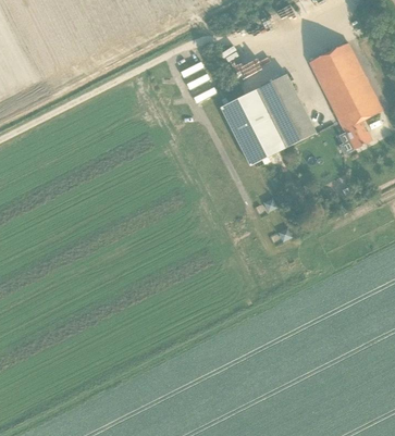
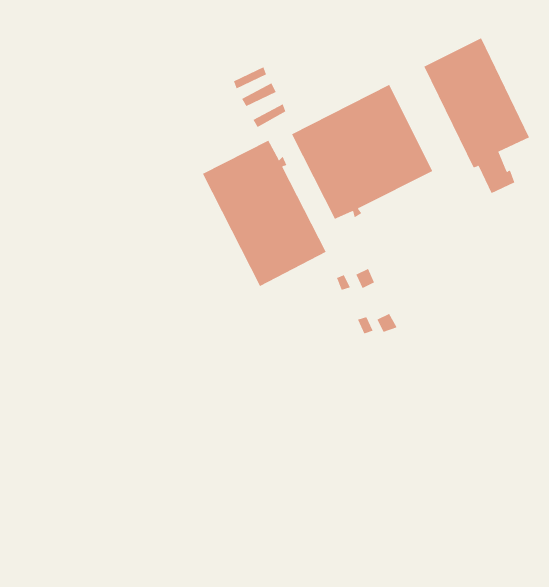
building: none -> [202,140,327,287]

